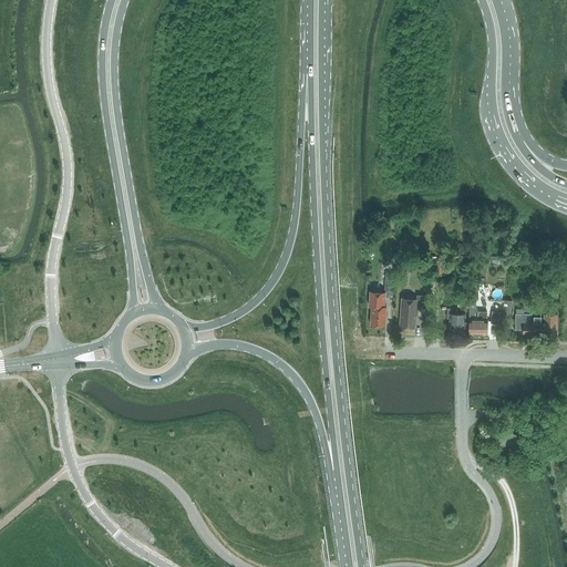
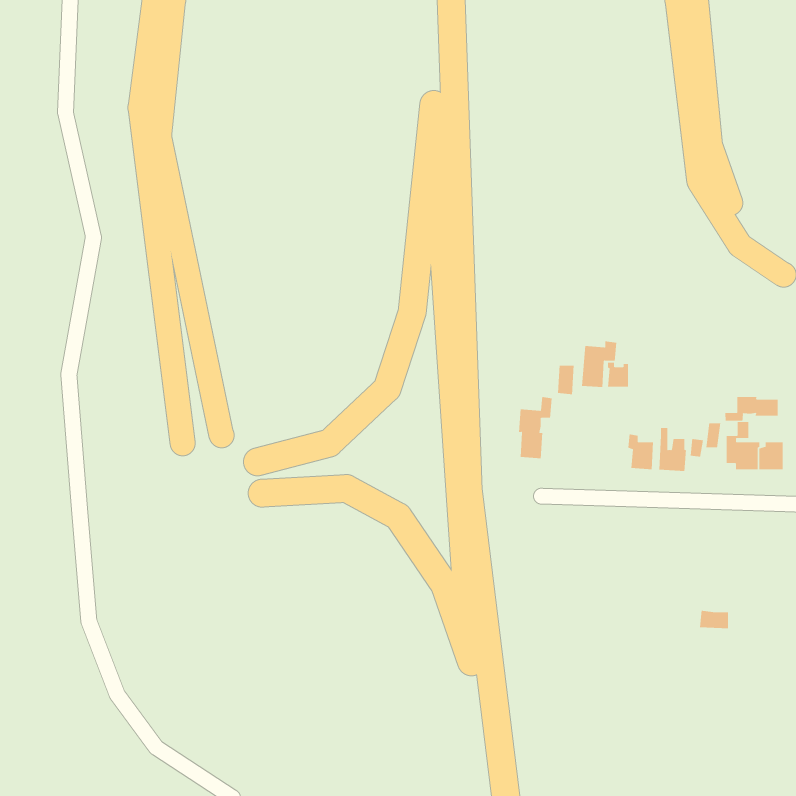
building: none -> [725,396,778,421]
building: [399,296,424,329] -> [581,341,617,388]

